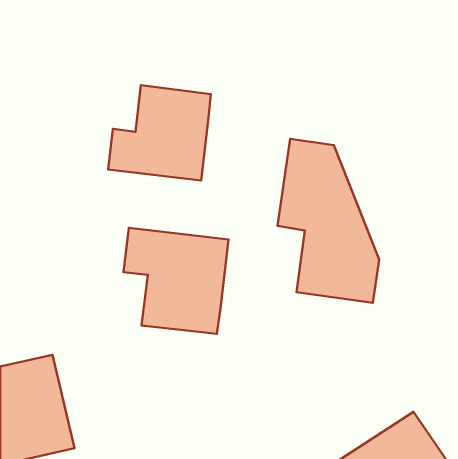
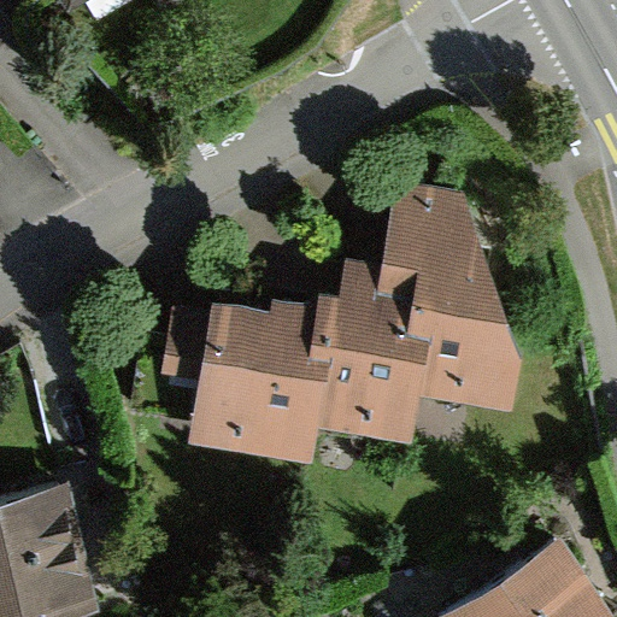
building: [108,85,211,181] -> none
building: none -> [300,299,412,428]

